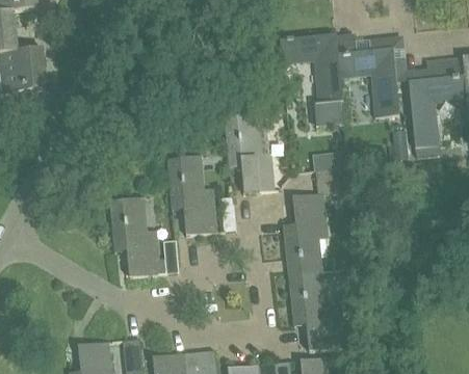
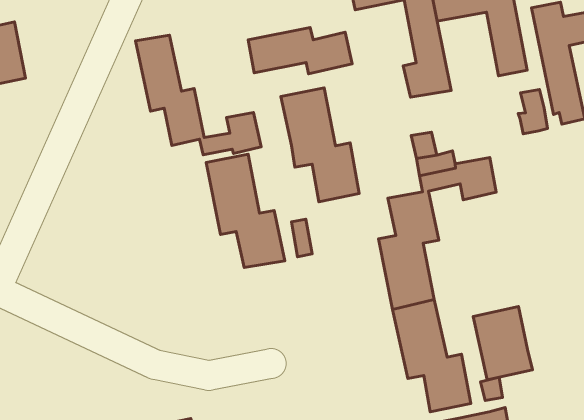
building: none -> [135,35,261,155]
building: none -> [248,27,352,74]
building: [110,197,179,277] -> none
building: none -> [473,307,532,380]

